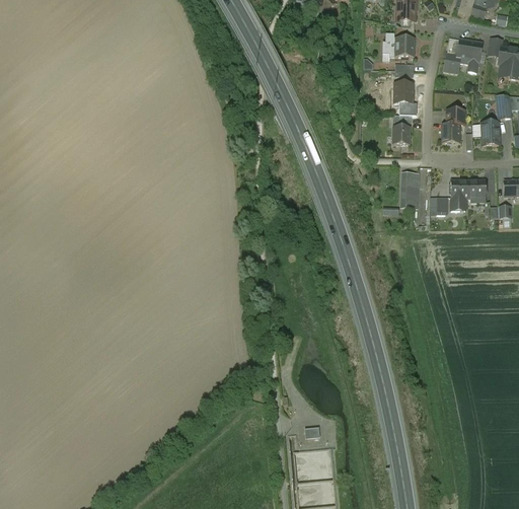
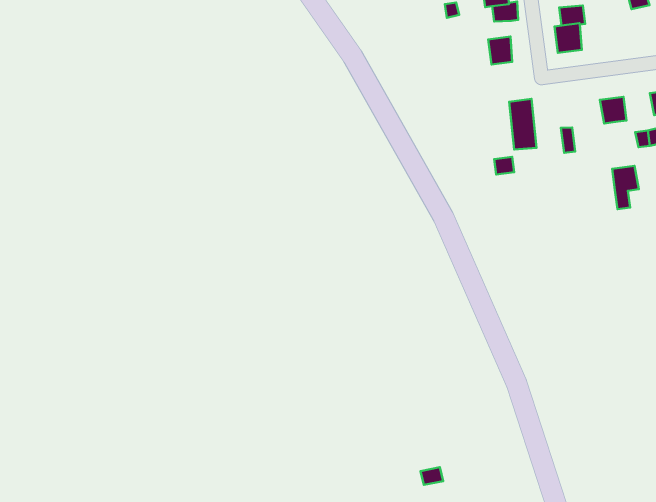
building: [481,122,501,144] -> none
building: [452,179,469,209] -> [612,166,639,209]

